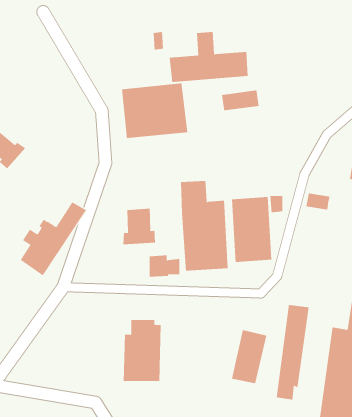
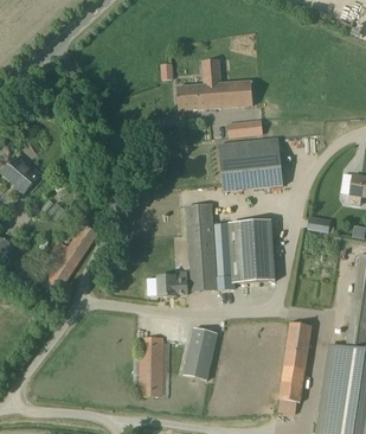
building: [121,83,188,139] -> [219,136,283,190]
building: [123,208,155,245] -> none
building: [231,329,267,384] -> [182,326,217,378]

